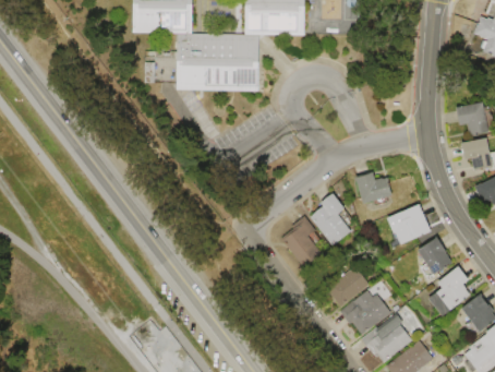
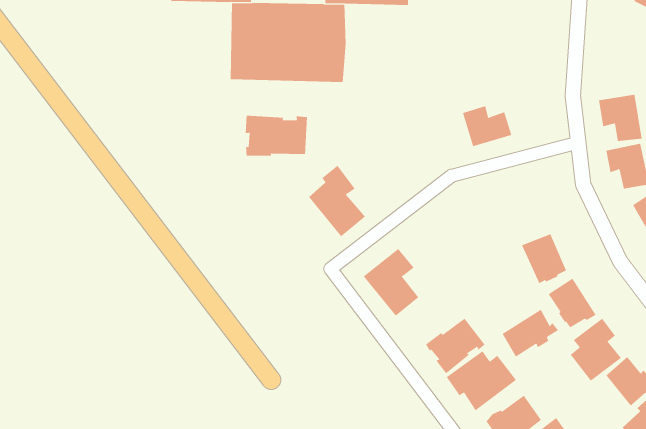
building: none -> [245,115,307,157]
building: [354,172,391,203] -> [462,105,512,147]
building: [307,192,350,245] -> [308,165,366,237]
building: none -> [502,309,559,358]

